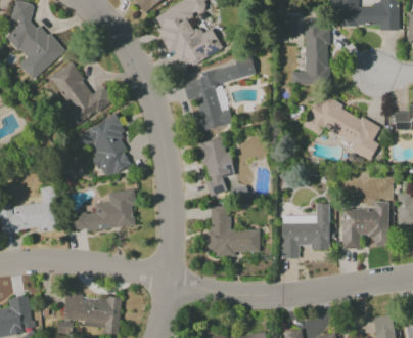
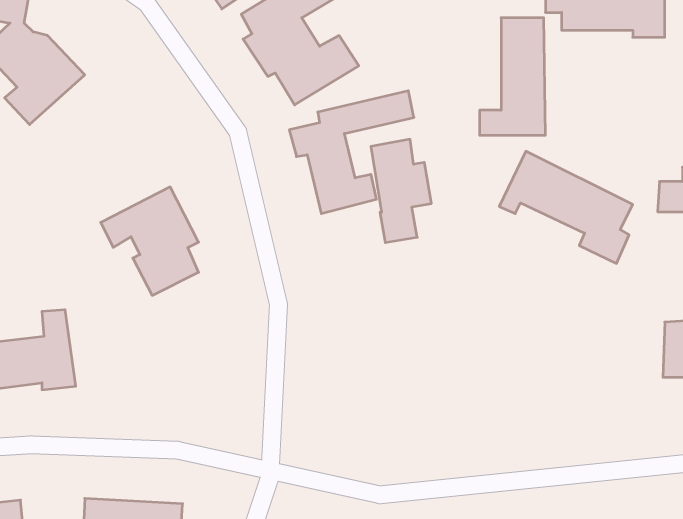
building: [50,61,113,125] -> none
building: [200,138,235,198] -> [371,139,431,243]
building: [71,189,137,231] -> none
building: [342,202,389,249] -> none
building: [282,204,330,258] -> none
building: [209,206,260,257] -> none

